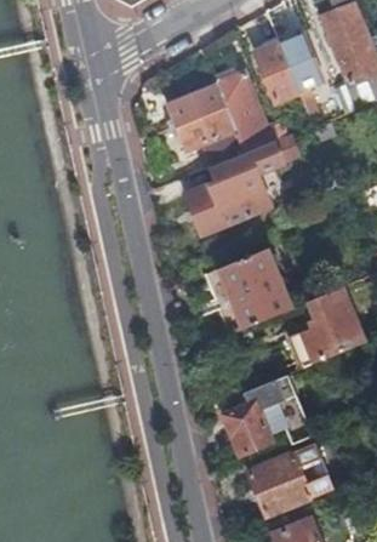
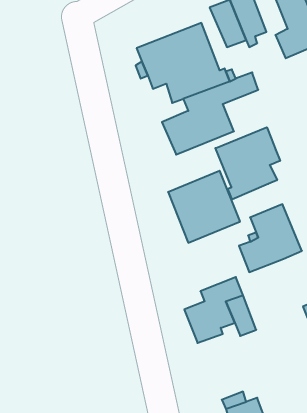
building: none -> [215,127,280,200]
building: [249,443,333,514] -> none

